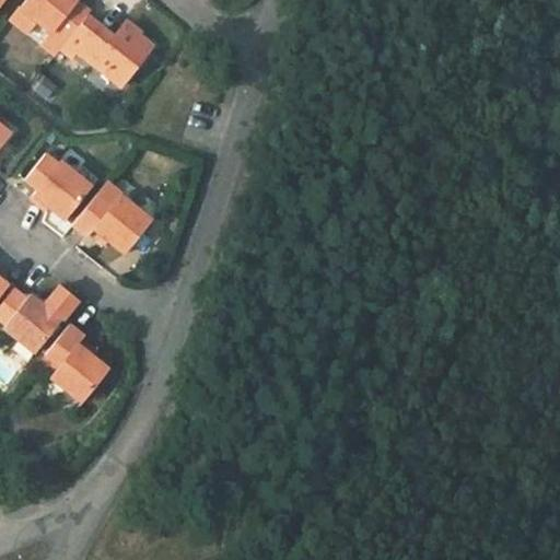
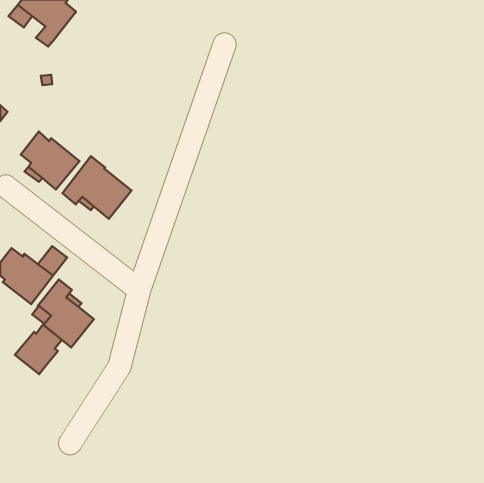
building: [61,15,152,85] -> none
building: none -> [15,324,62,374]

